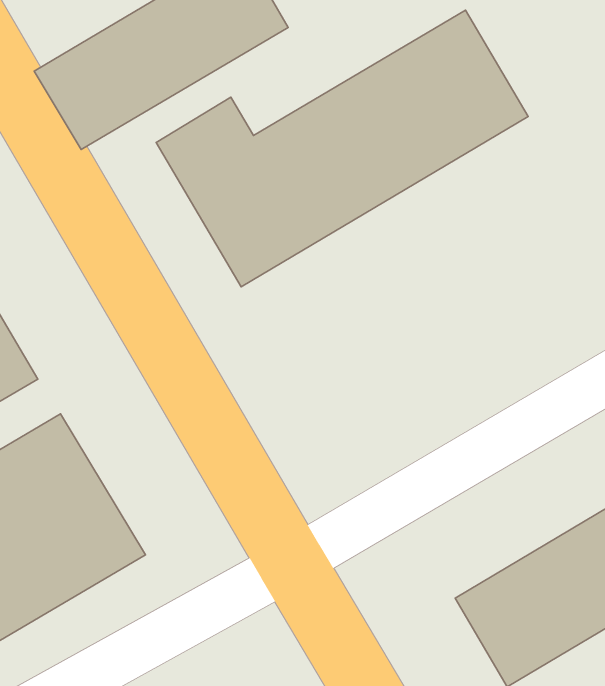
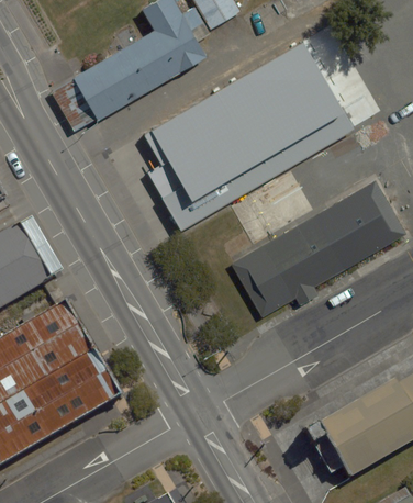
building: none -> [227,182,400,320]

